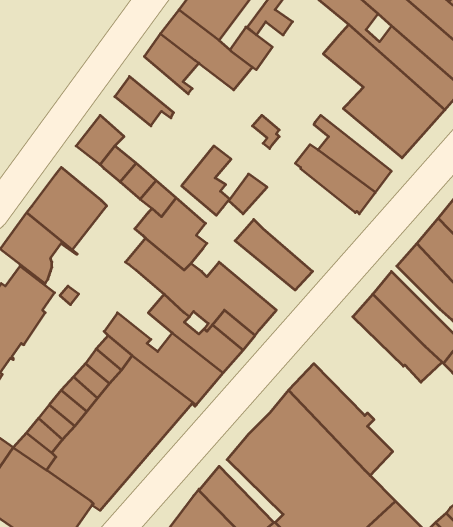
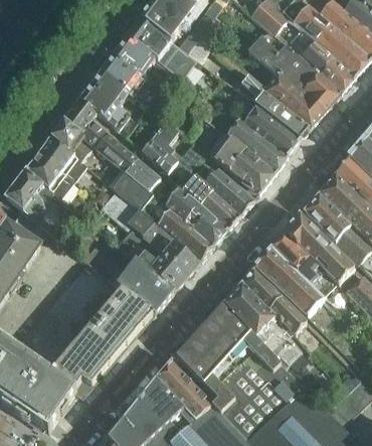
building: none -> [102,53,146,96]
building: none -> [236,76,307,140]
building: none -> [79,84,128,130]
building: none -> [50,121,89,162]
building: none -> [213,138,274,194]
building: none -> [202,169,252,215]
building: none -> [160,188,226,245]
building: none -> [255,250,321,315]
building: none -> [240,270,304,335]

